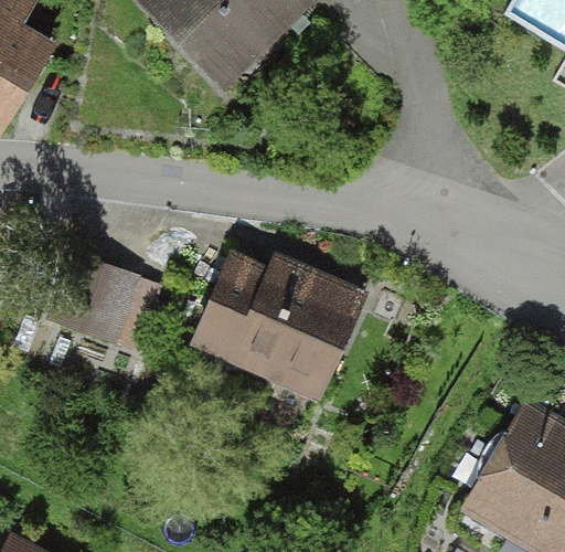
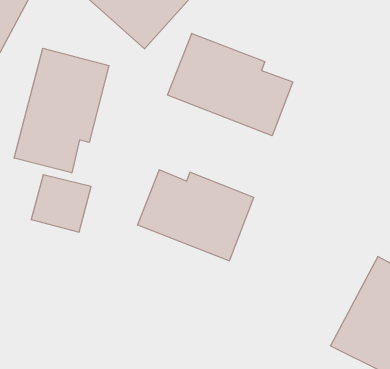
building: none -> [168,33,293,136]
building: none -> [14,48,109,173]

